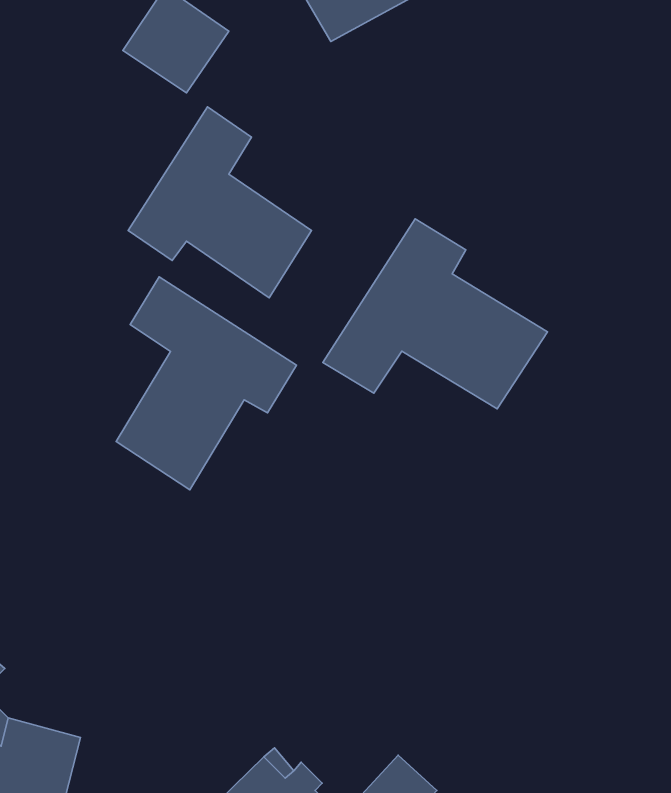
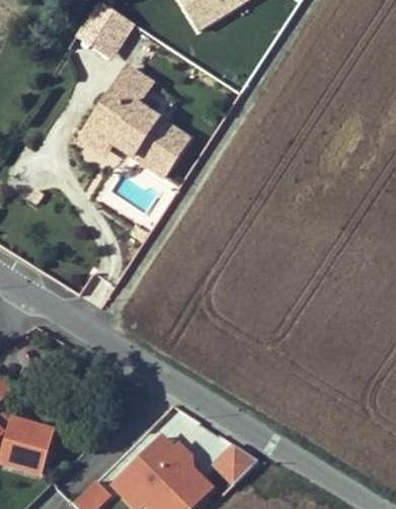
building: [323,219,548,409] -> none
building: [116,277,296,490] -> none

